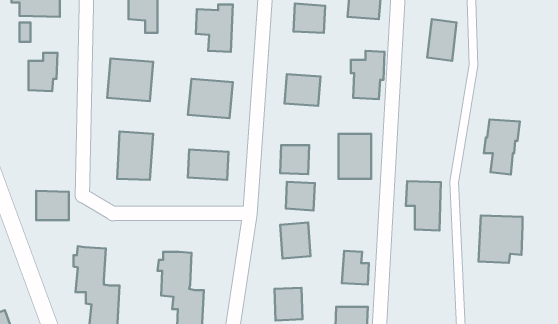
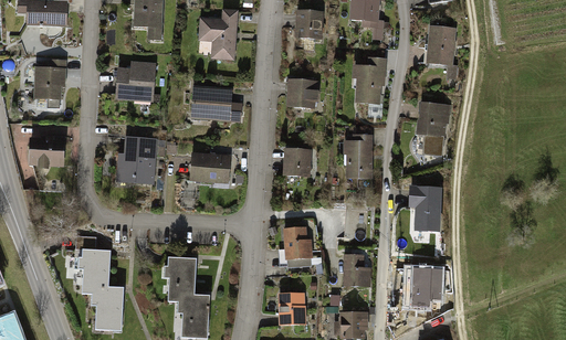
building: [484,119,520,174] -> [415,103,450,157]
building: [286,182,315,211] -> none
building: [36,191,69,220] -> [29,136,61,164]
building: [479,216,522,263] -> [400,263,443,309]

